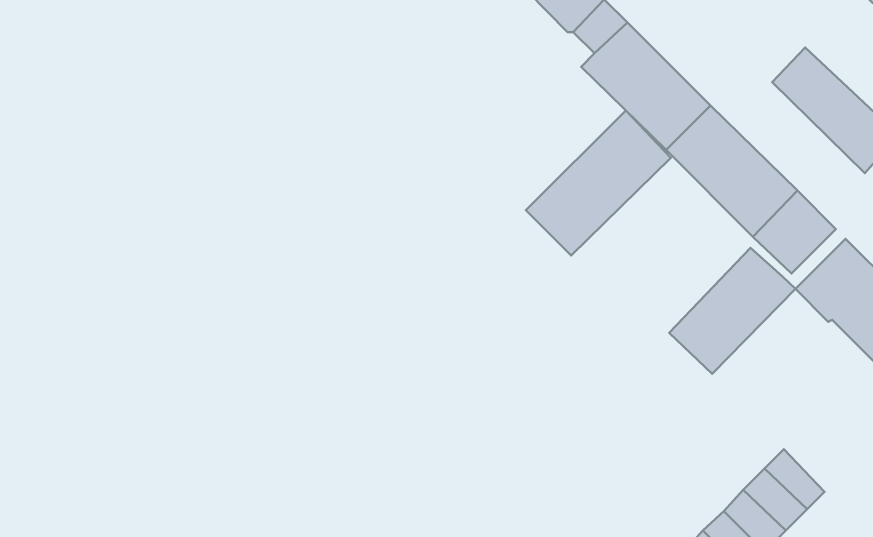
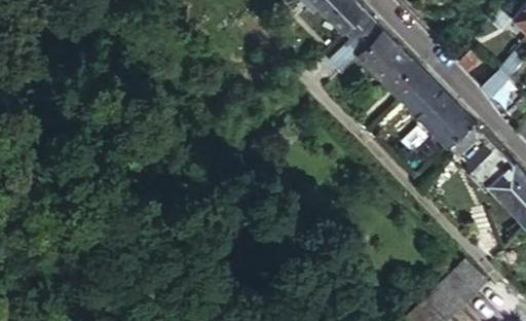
building: [526,110,671,256] -> none
building: [669,248,795,374] -> none

